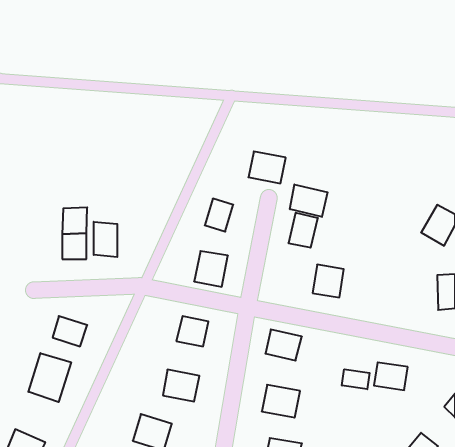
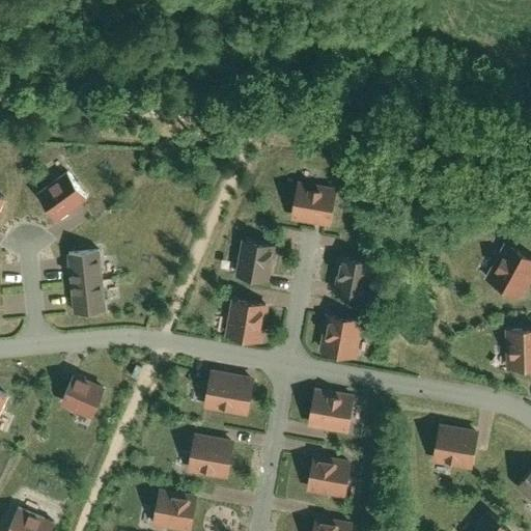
building: none -> [34,178,81,226]
building: [290,184,328,217] -> none
building: [94,222,117,257] -> none
building: [313,265,344,297] -> [319,317,356,356]
building: [28,353,71,402] -> none
building: [342,369,370,389] -> none

